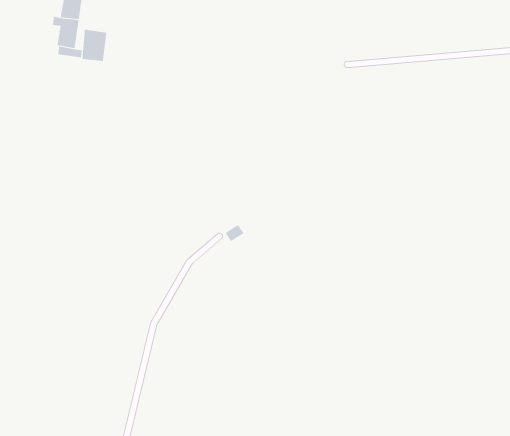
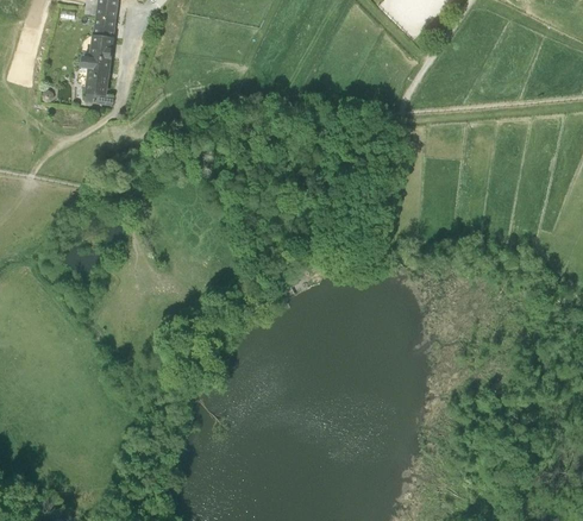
building: [82,29,107,62] -> none

